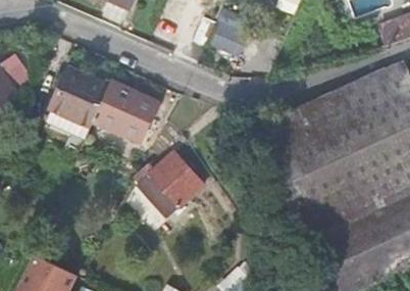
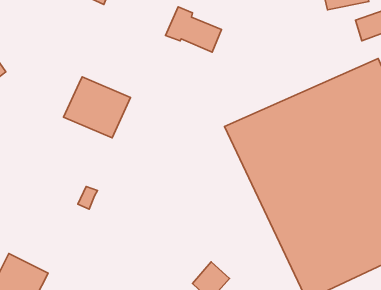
building: [47,70,108,138] -> none
building: [140,149,205,214] -> none

